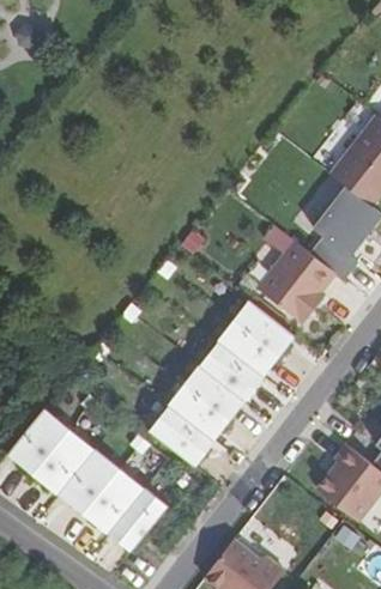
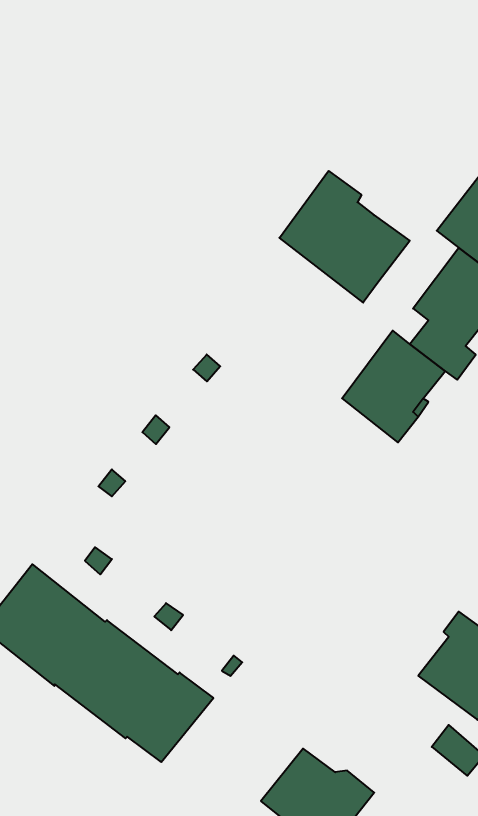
building: none -> [279,171,410,303]
building: [149,300,294,467] -> none

